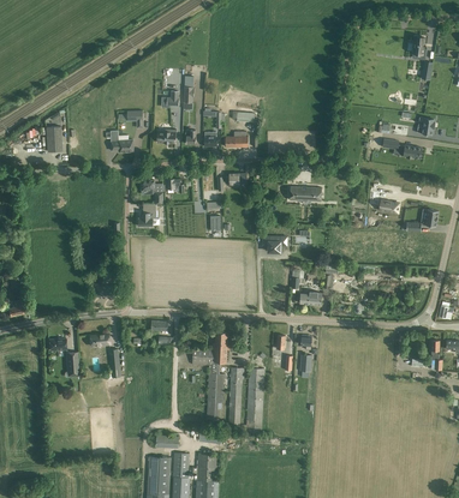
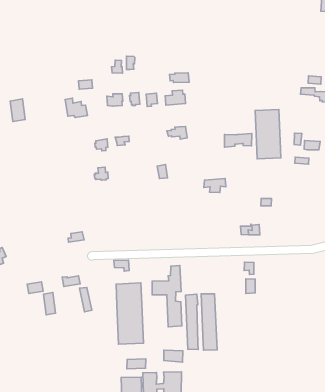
building: none -> [255,109,281,159]
building: none -> [116,283,143,344]

